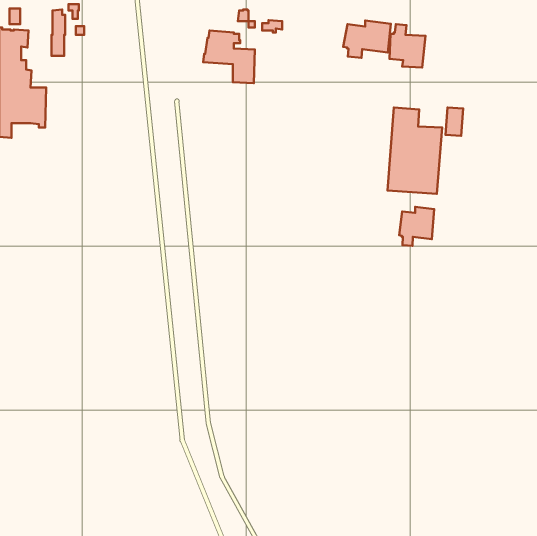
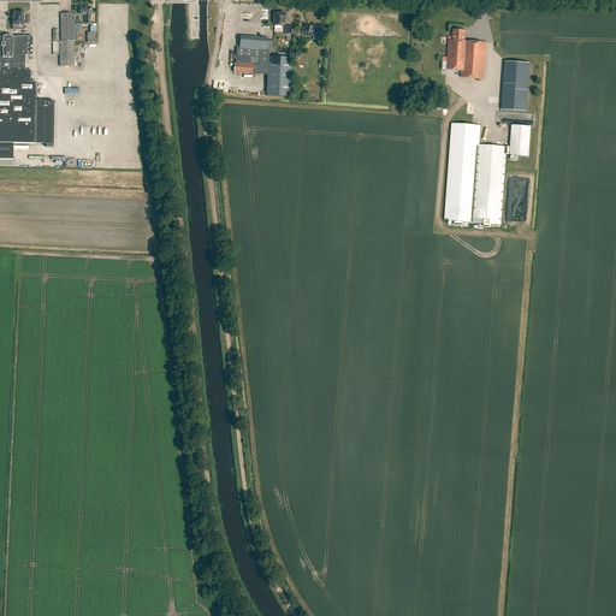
building: [343,21,391,58] -> none
building: none -> [500,59,528,109]
building: [399,207,434,246] -> none

